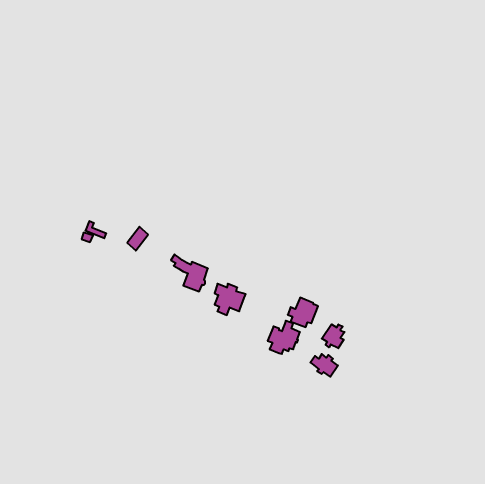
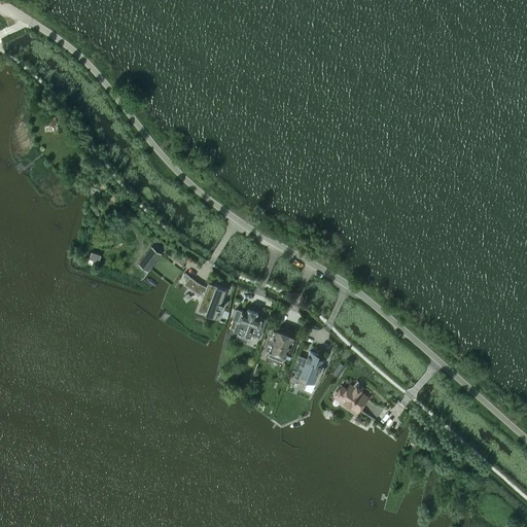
building: [288,298,318,327] -> [264,330,296,362]
building: [322,324,345,348] -> none

